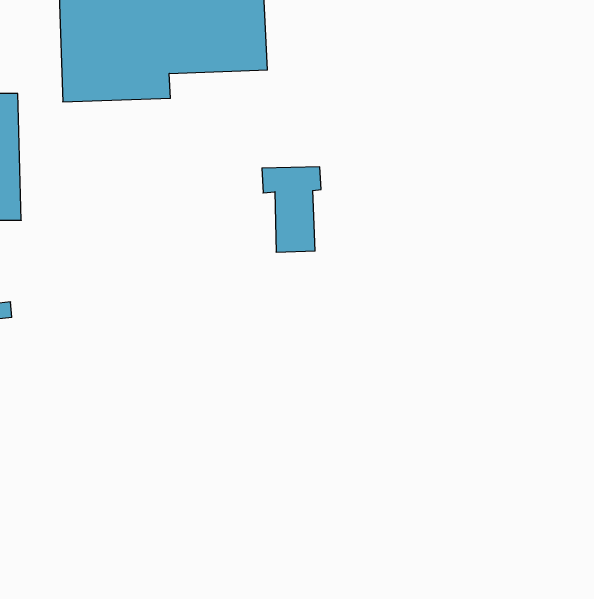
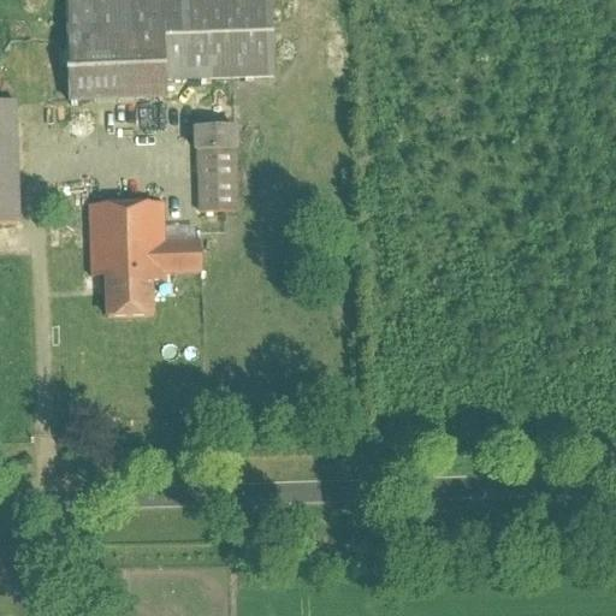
building: [262,167,321,252] -> [184,123,244,209]
building: none -> [71,199,202,312]

